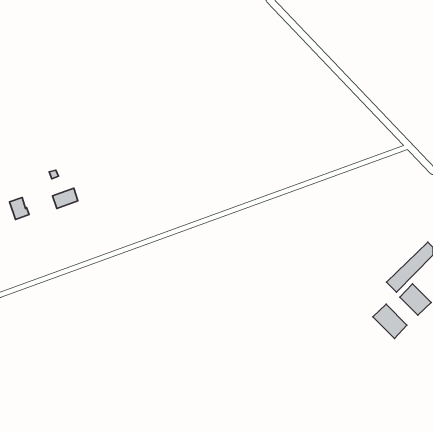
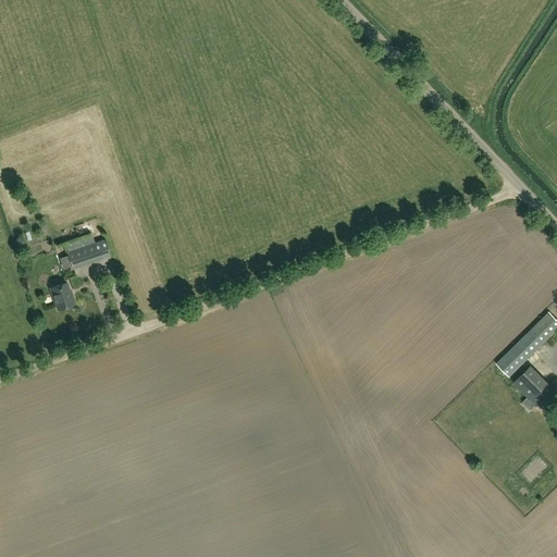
building: [10,197,29,220] -> [50,281,75,309]
building: [373,304,407,339] -> none

